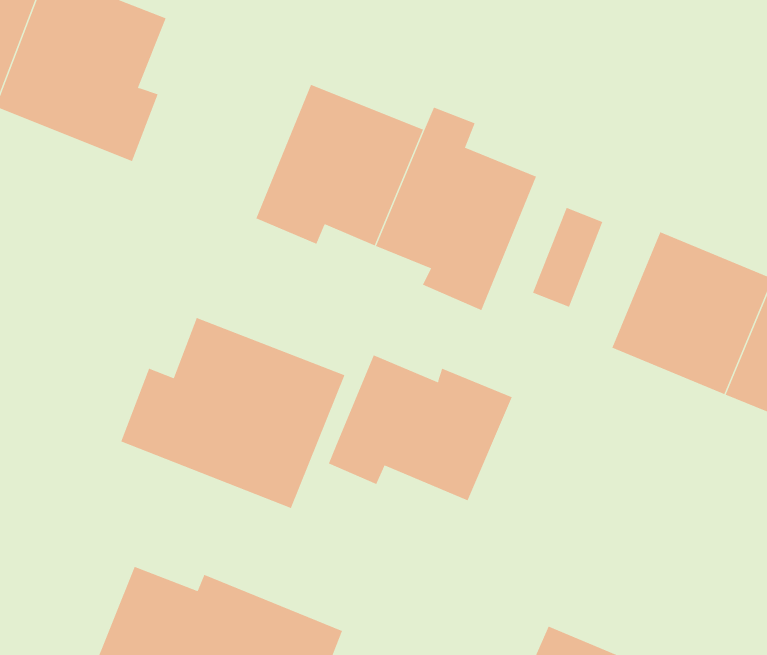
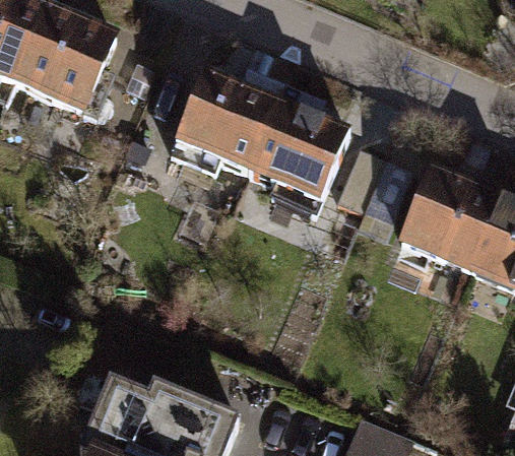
building: [121,317,345,509] -> none
building: [328,355,512,501] -> none

